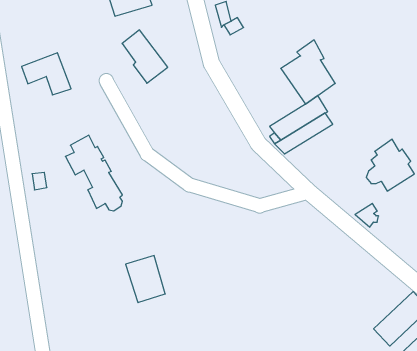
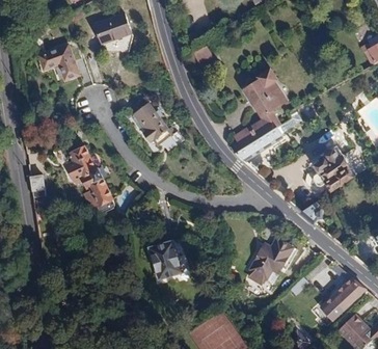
building: [122,30,168,83] -> [132,103,170,147]
building: [22,53,71,95] -> [38,45,80,80]
building: none -> [250,240,293,281]
building: [126,256,165,303] -> [150,240,183,279]

